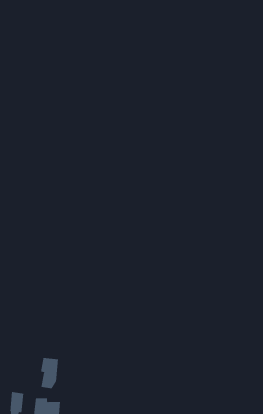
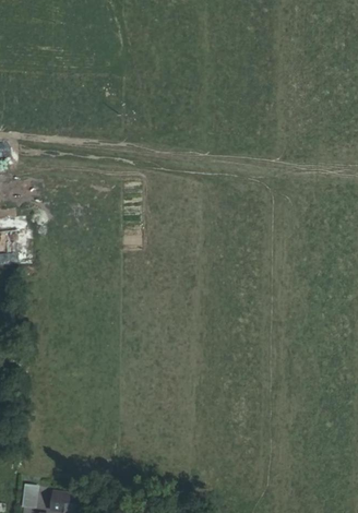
building: [41,357,58,389] -> none

